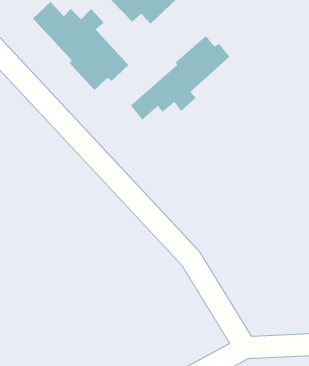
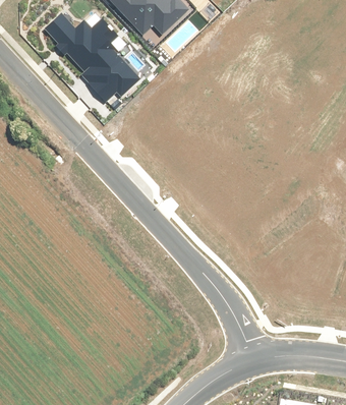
building: [130,35,230,120] -> none

